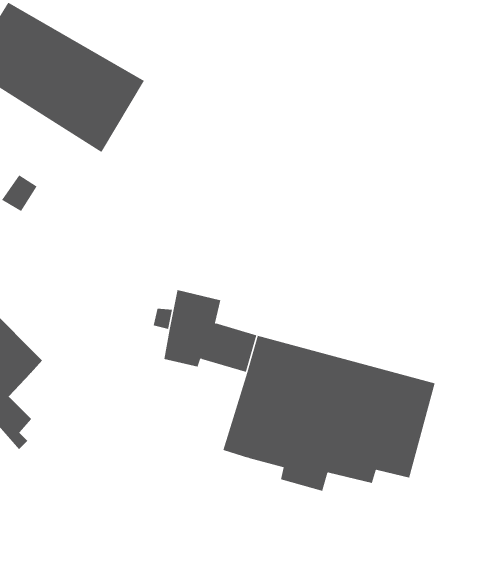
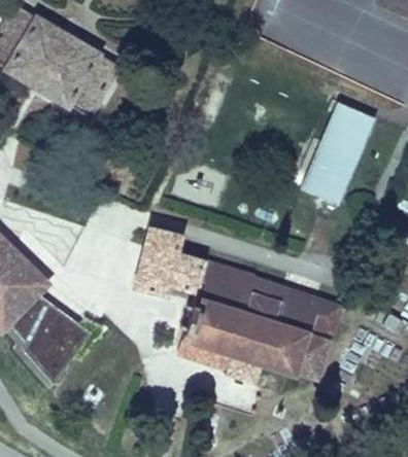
building: none -> [300,96,373,199]
building: none -> [18,292,95,379]

